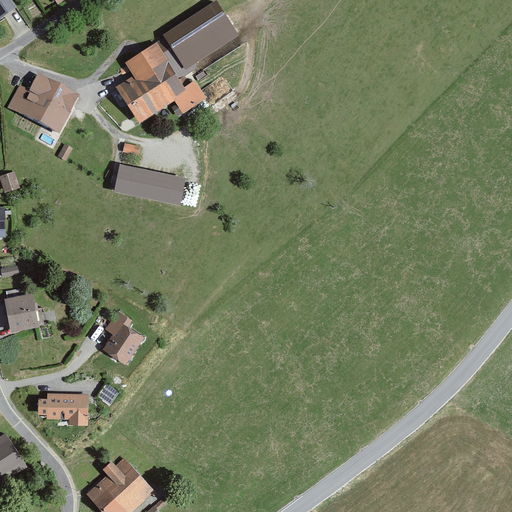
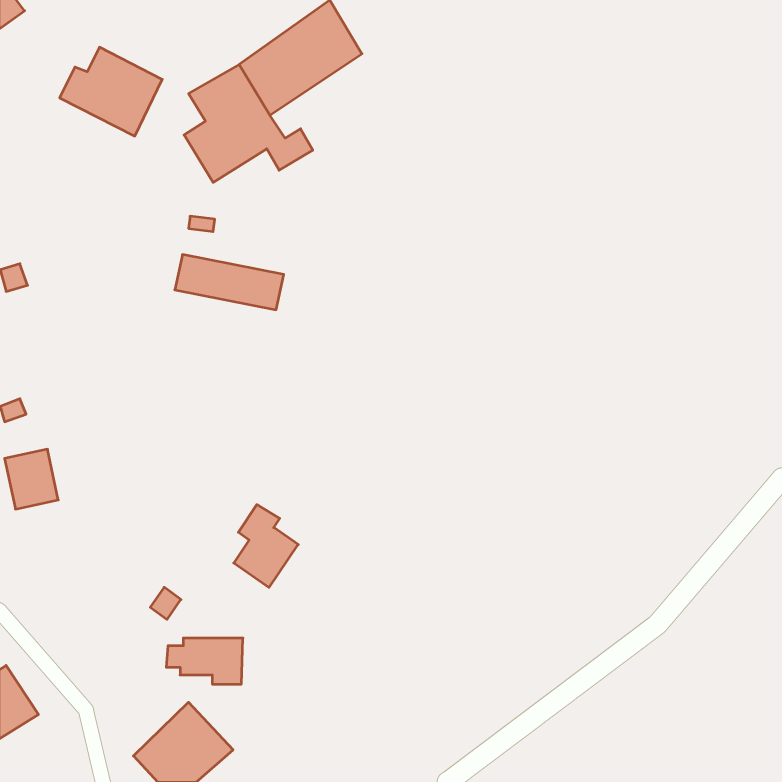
building: [9,74,76,132] -> [60,47,162,136]
building: [101,311,143,365] -> [234,505,298,587]
building: [37,394,87,424] -> [166,638,243,684]

